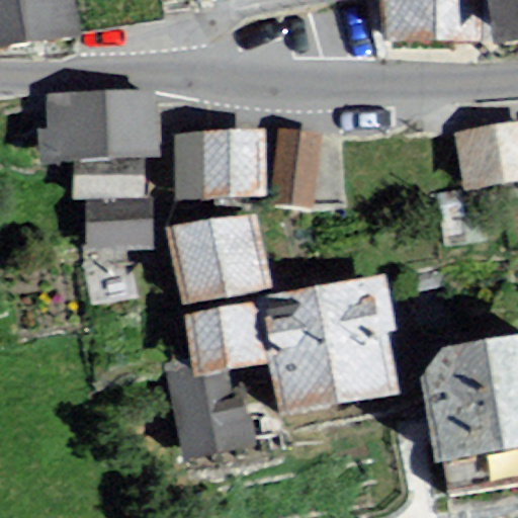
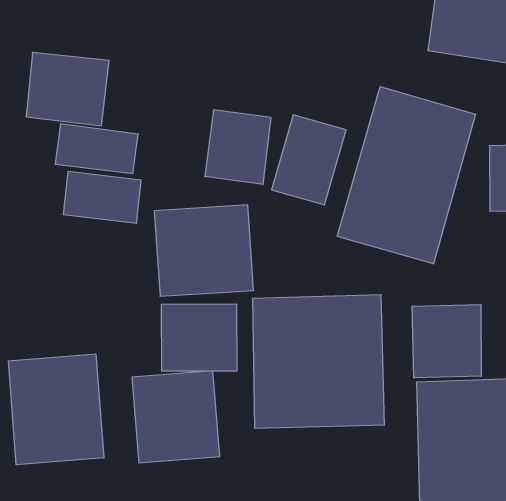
building: none -> [337,87,475,264]
building: none -> [412,304,481,378]
building: none -> [8,354,104,465]

